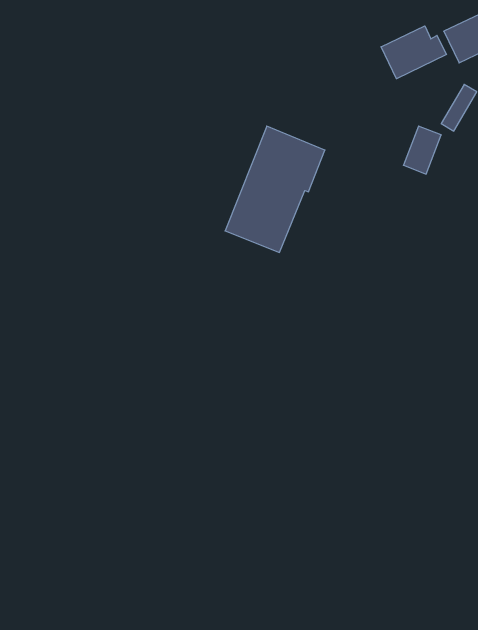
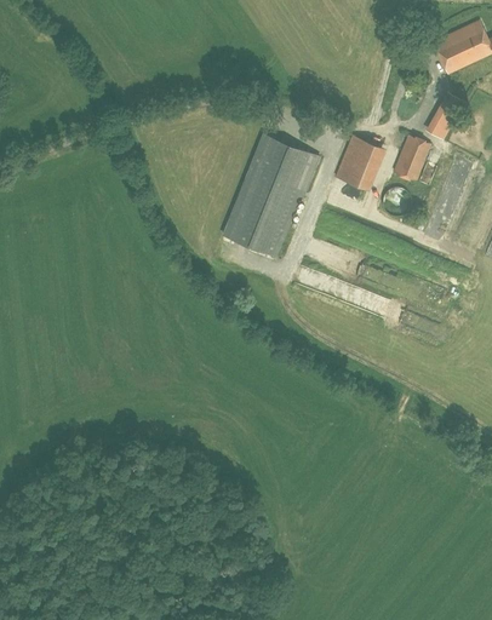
building: [381,26,446,79] -> none
building: none -> [334,134,385,190]

